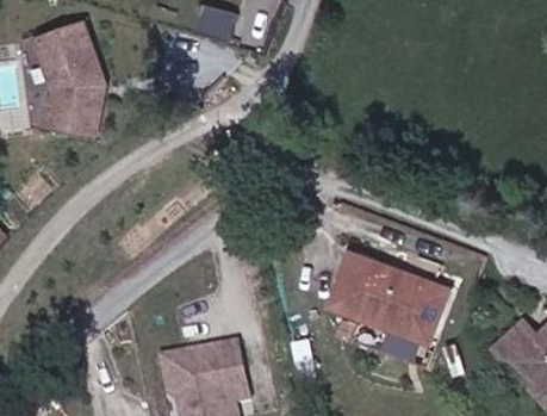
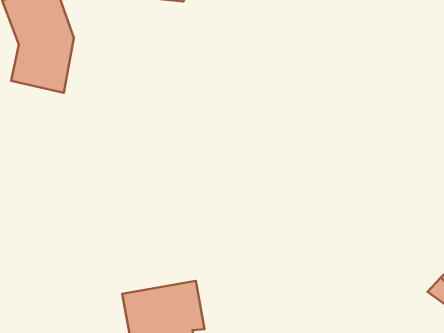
building: [336,257,453,344] -> none

